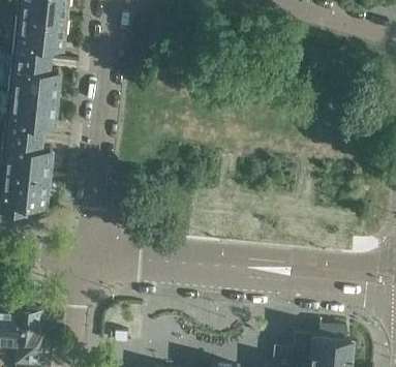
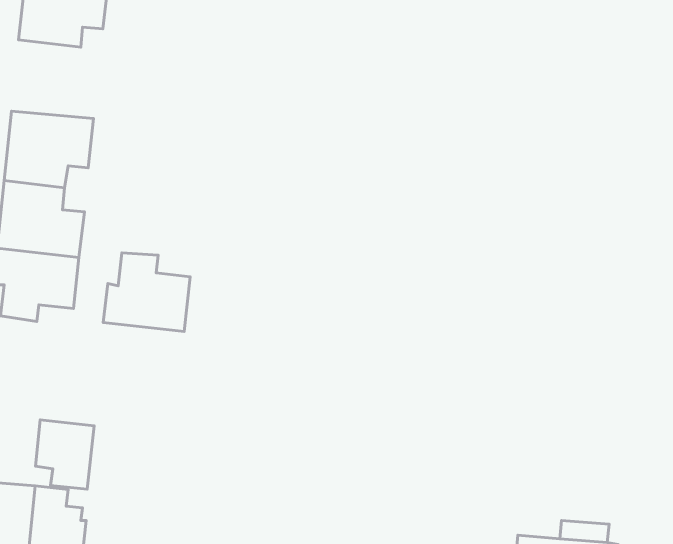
building: [9,56,58,100] -> none
building: none -> [103,253,190,331]
building: none -> [36,420,94,489]

